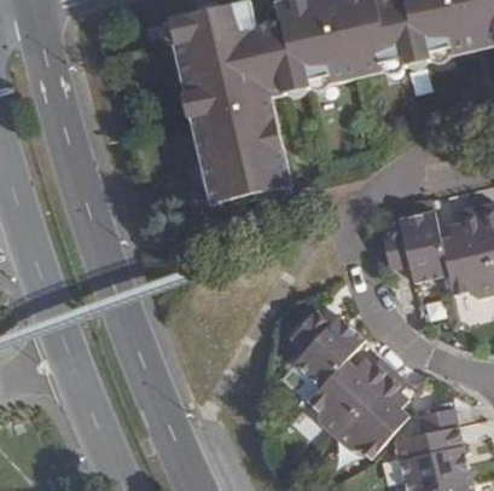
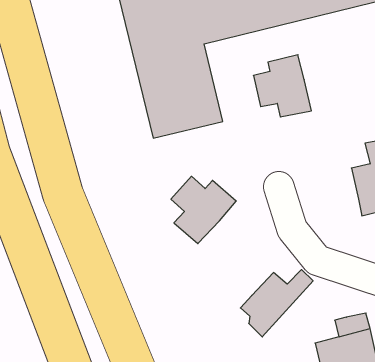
building: [380,210,448,283] -> [253,55,311,117]
building: [292,310,368,388] -> [171,176,236,244]
building: [336,371,409,458] -> none

